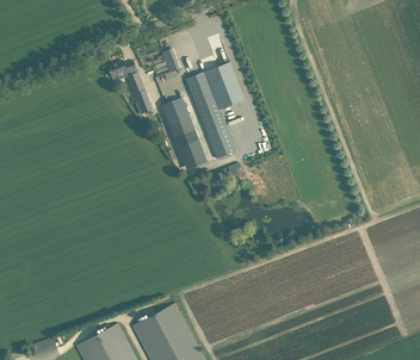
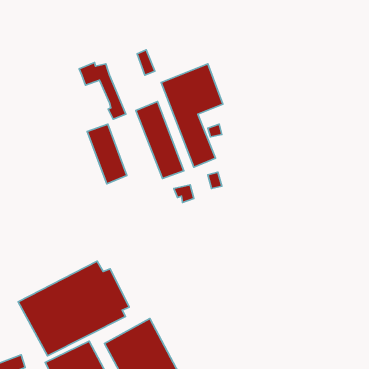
building: none -> [87,124,127,184]
building: none -> [18,261,129,356]

